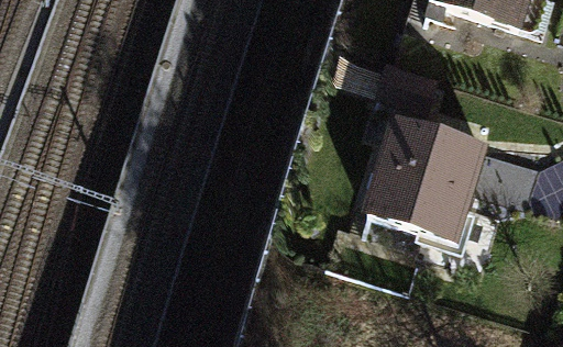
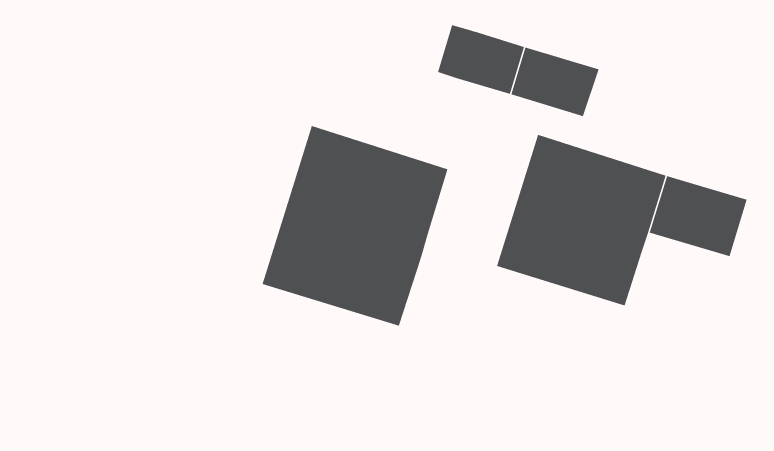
building: none -> [262,125,448,326]

